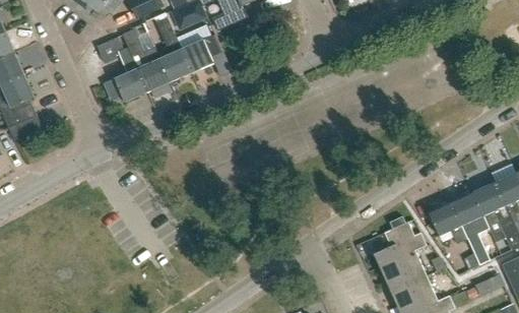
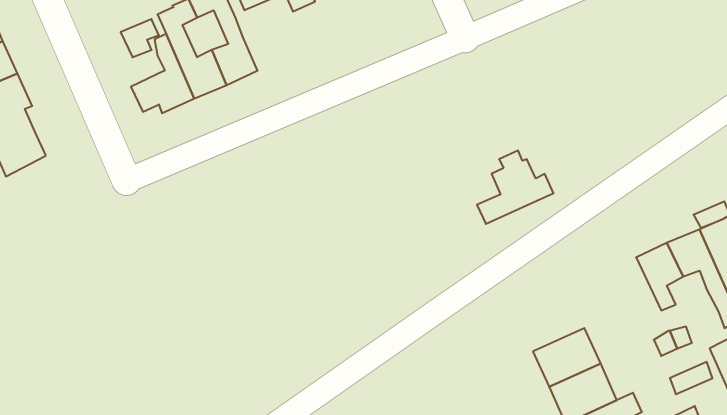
building: [175,32,221,72] -> none
building: [429,201,468,244] -> none
building: [374,215,427,266] -> [477,150,554,224]

